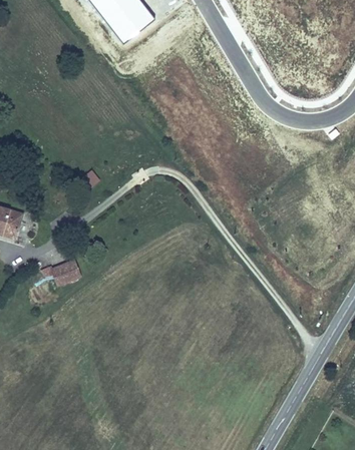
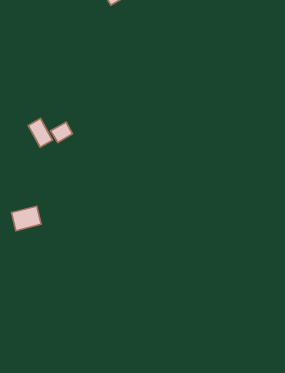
building: none -> [28,119,52,147]

